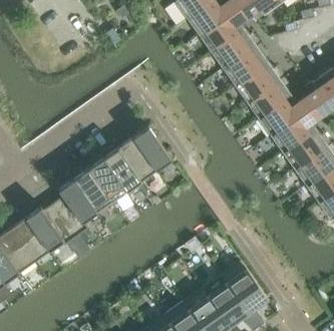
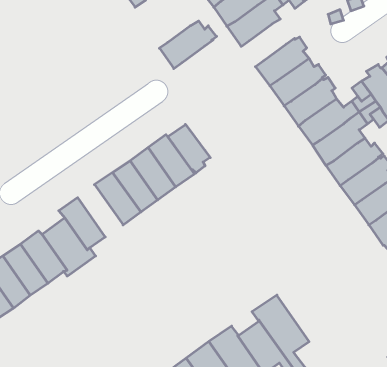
building: [211,29,259,69] -> [159,21,217,69]
building: none -> [168,124,210,173]
building: [73,169,111,213] -> none

